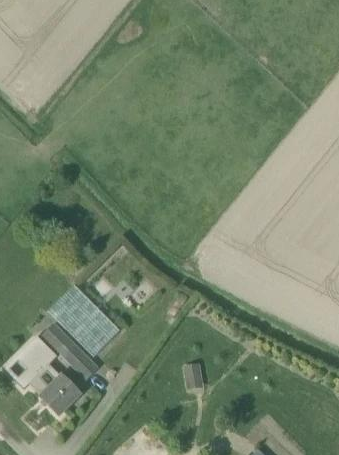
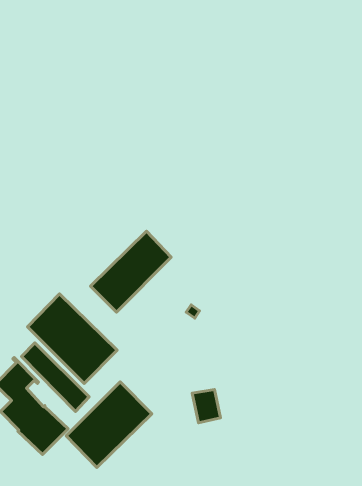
building: none -> [91,231,171,312]
building: none -> [66,382,152,468]

